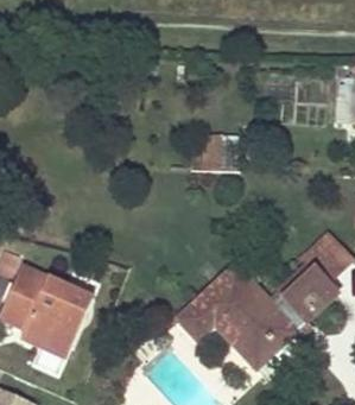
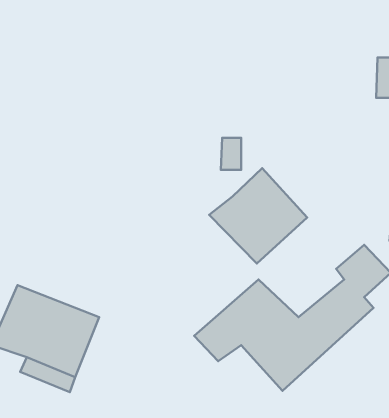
building: none -> [209,168,307,263]

